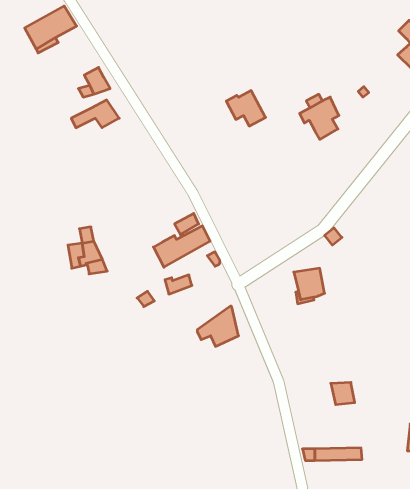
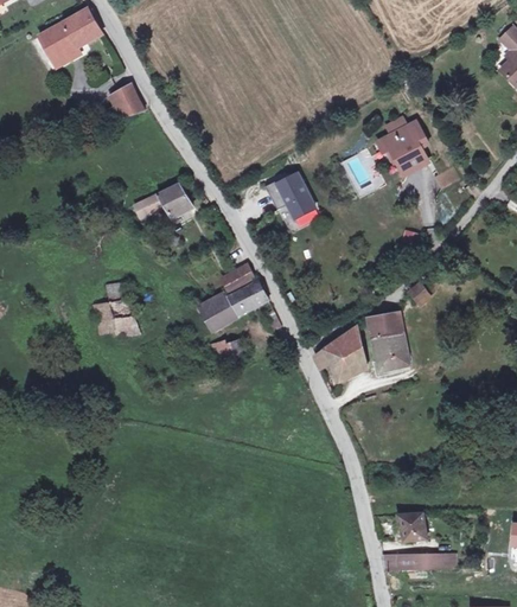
building: [226,91,266,126] -> [266,173,314,217]
building: [71,100,119,128] -> [134,183,193,217]
building: none -> [370,312,403,337]
building: [197,306,239,346] -> [314,326,365,376]
building: [331,382,355,405] -> [397,513,427,541]

